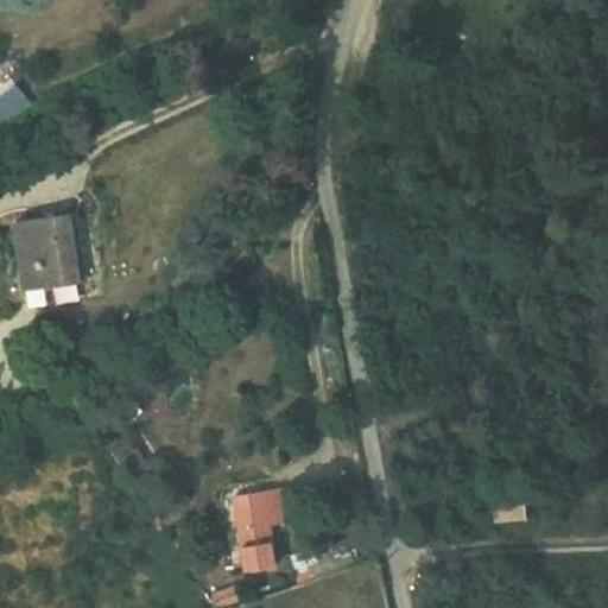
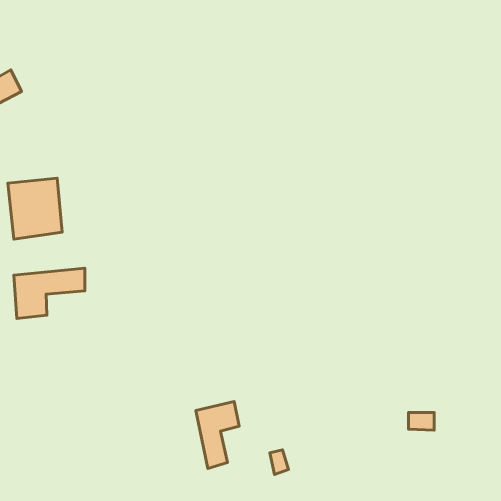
building: none -> [14,268,85,318]

